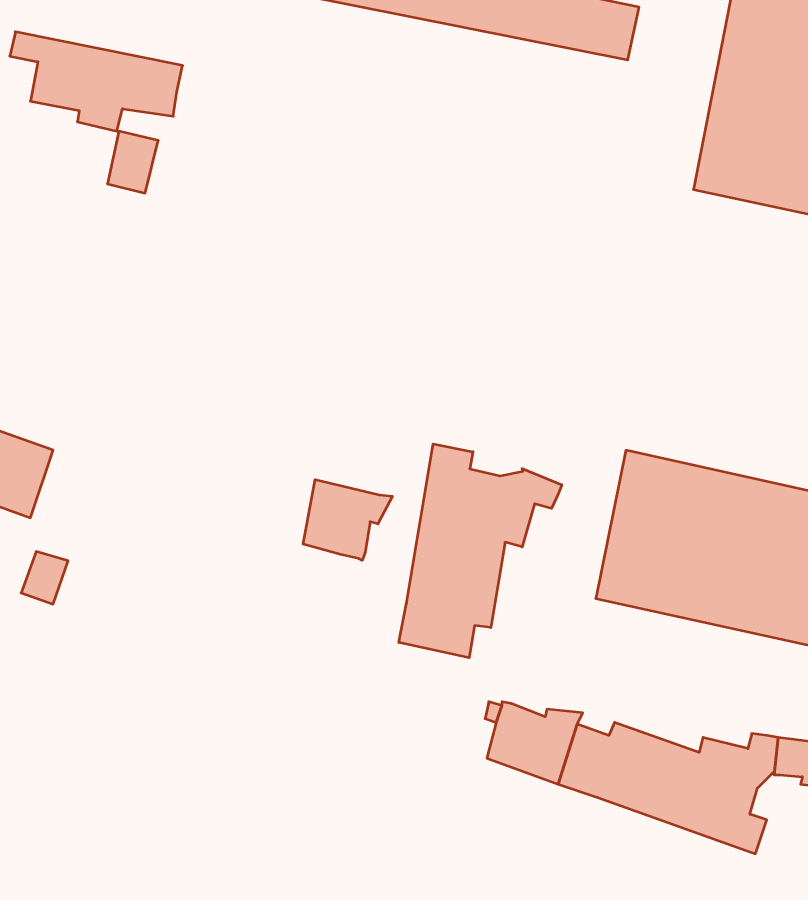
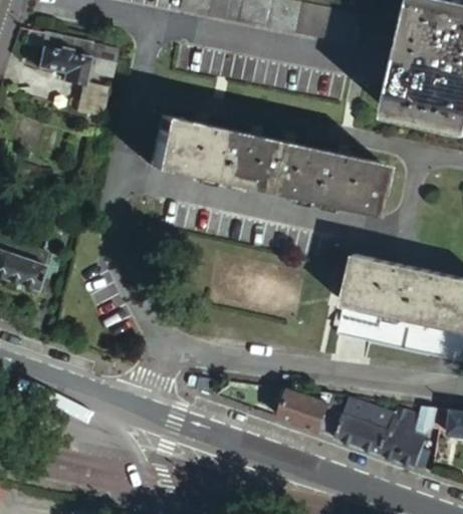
building: none -> [148,115,381,216]
building: [399,444,562,658] -> none
building: [303,480,392,560] -> none

